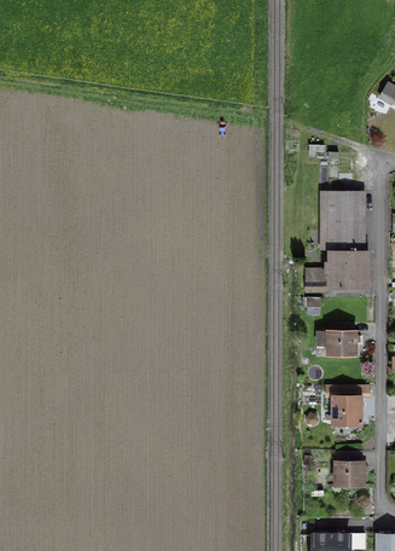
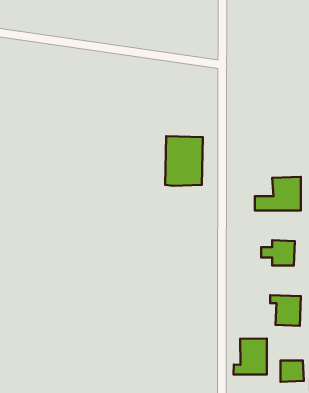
building: [319,190,364,249] -> [165,136,203,186]
building: none -> [233,339,267,374]

